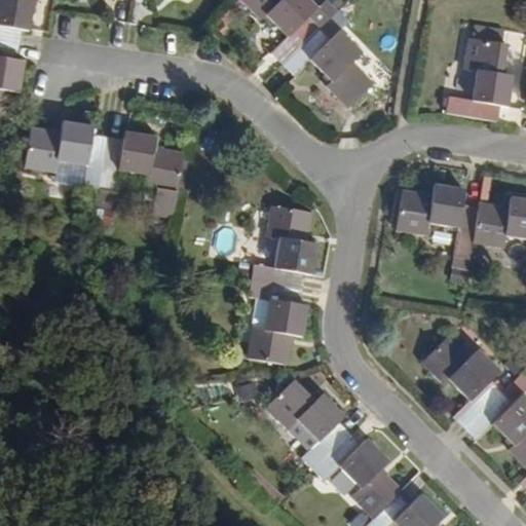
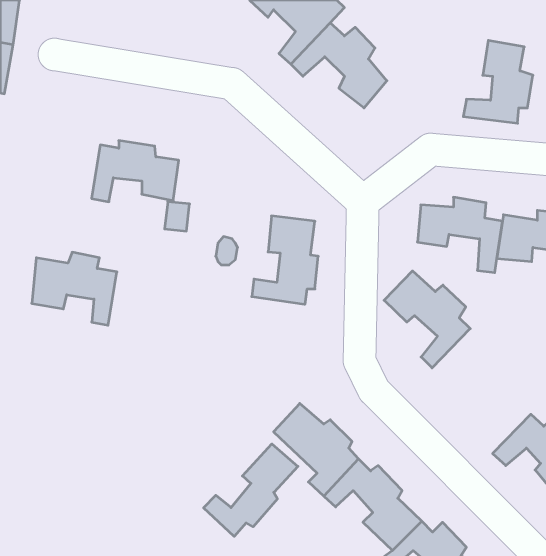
building: [25,119,105,188] -> [32,252,117,325]
building: [246,280,303,365] -> none
building: [429,337,511,428] -> [384,271,470,368]
building: none -> [204,444,298,536]

